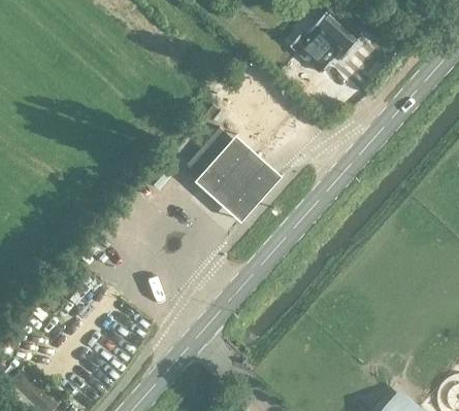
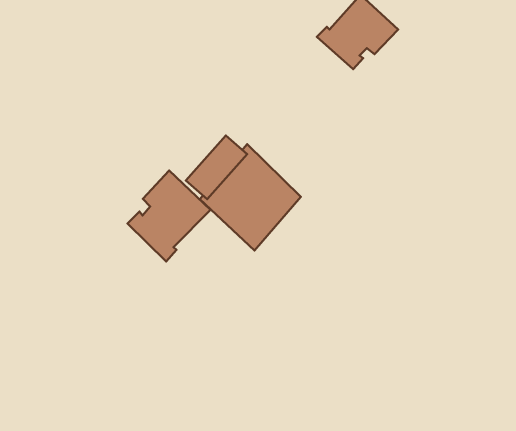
building: none -> [127,170,211,262]

